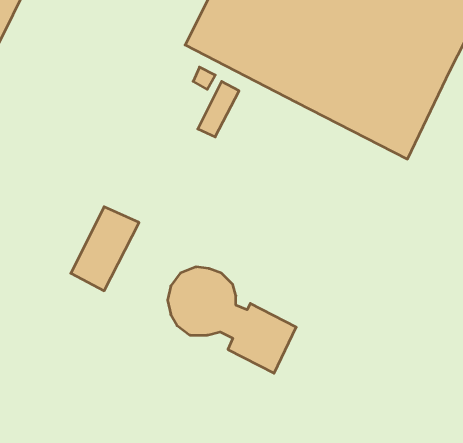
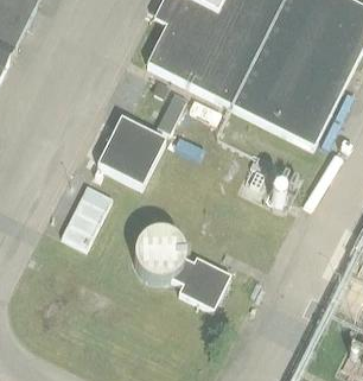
building: none -> [97,114,165,183]

